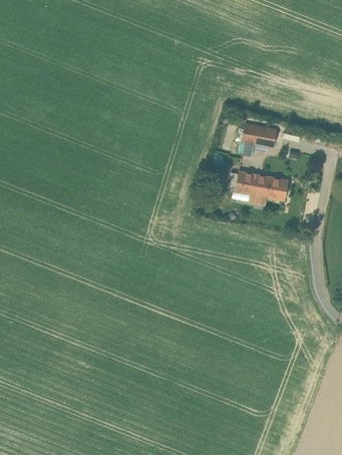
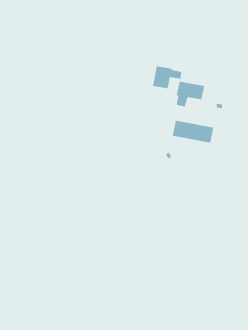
building: none -> [152,65,182,89]

